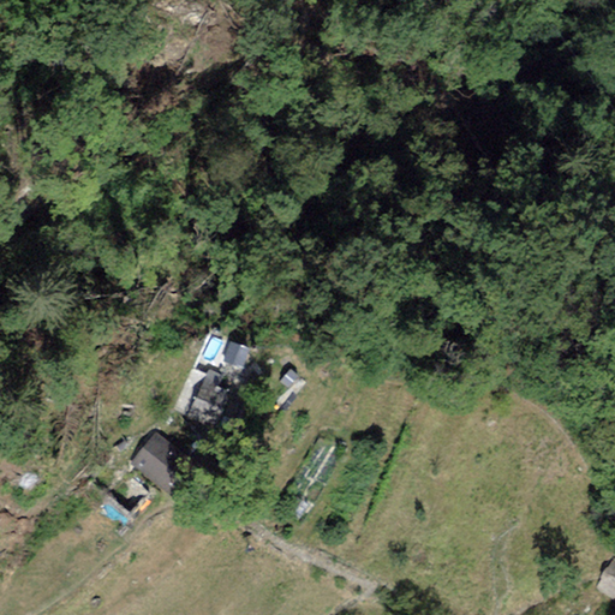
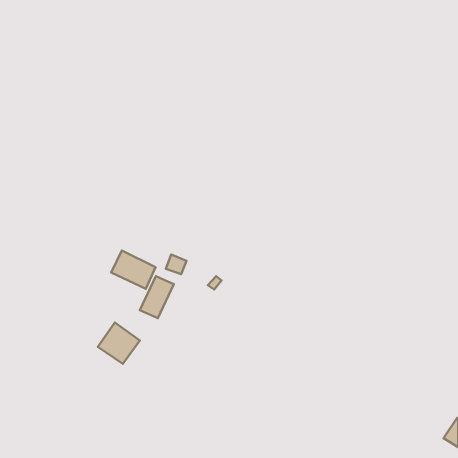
building: none -> [111,251,155,289]

